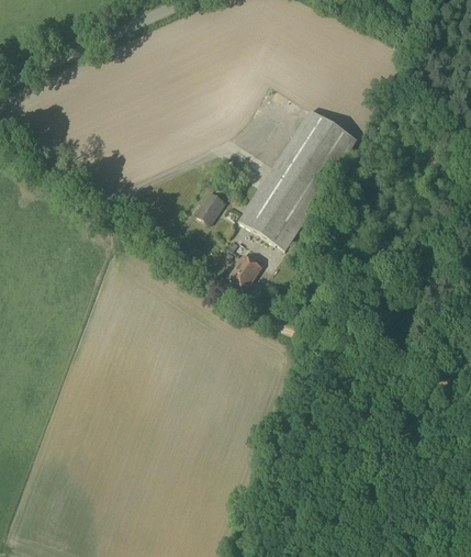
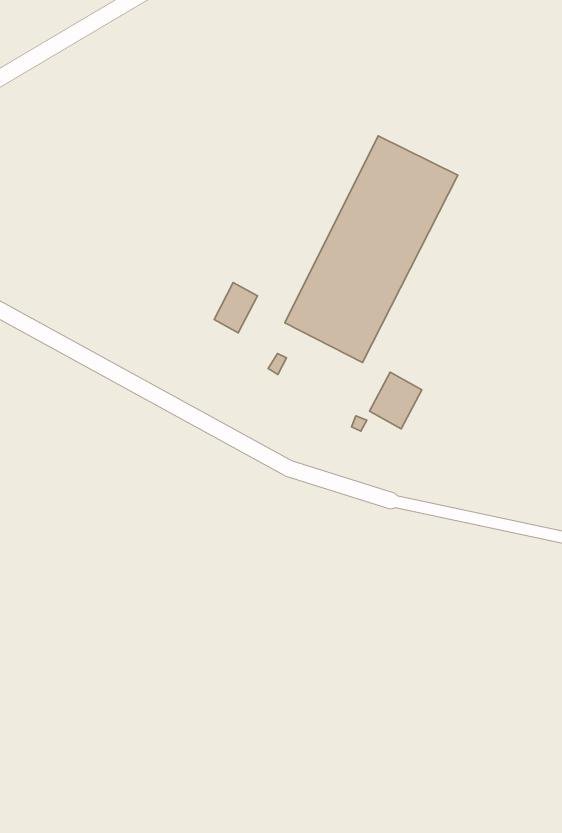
building: [228,253,262,289] -> [369,372,422,429]

